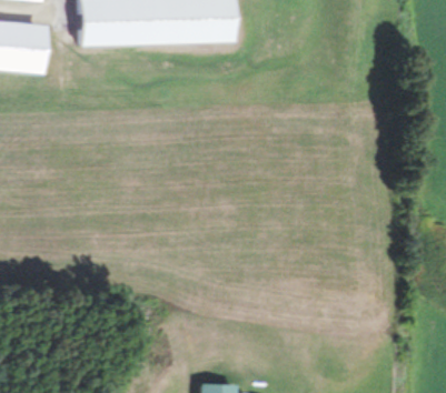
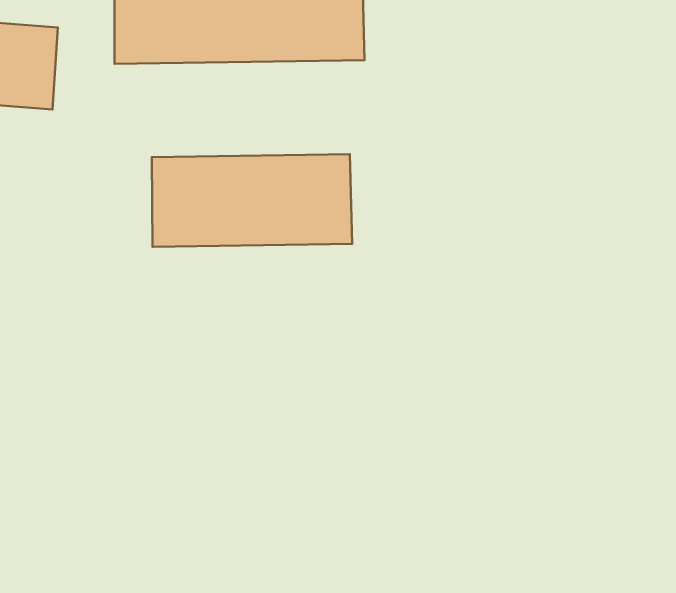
building: none -> [152,154,352,247]

